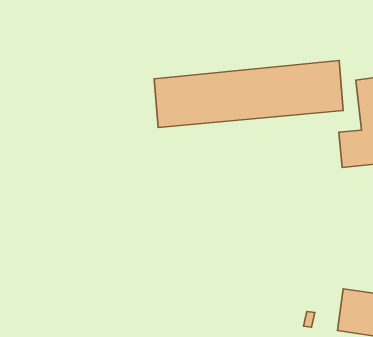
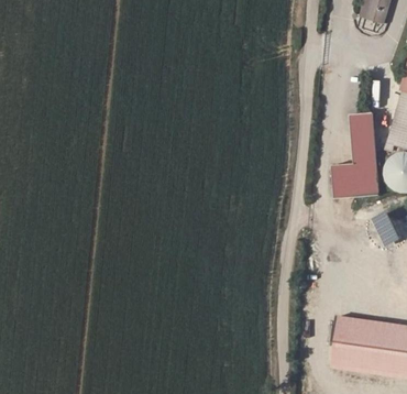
building: [154,61,343,128] -> none

